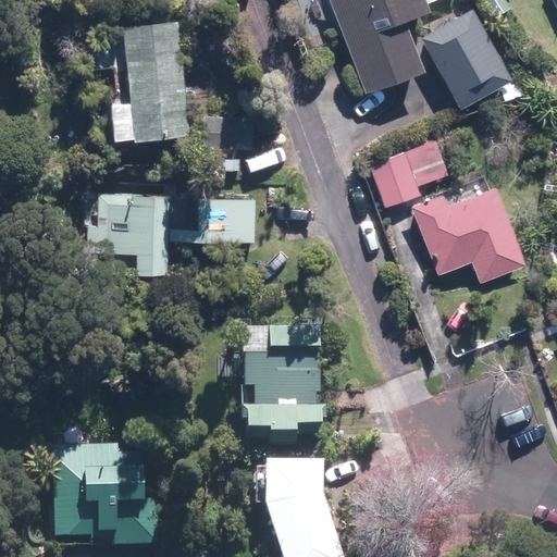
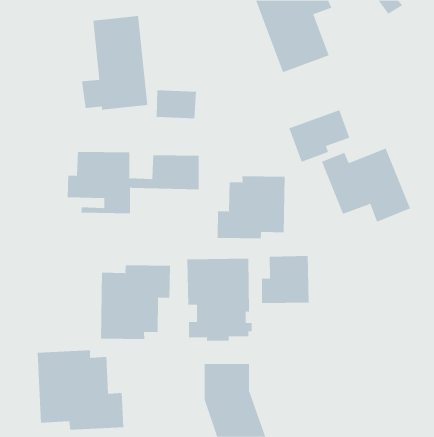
building: [420,8,516,109] -> none
building: none -> [217,176,285,239]
building: none -> [261,255,309,304]
building: none -> [100,265,170,340]

